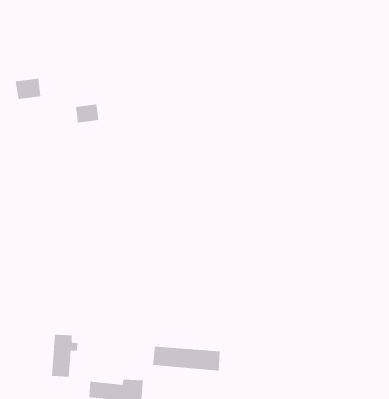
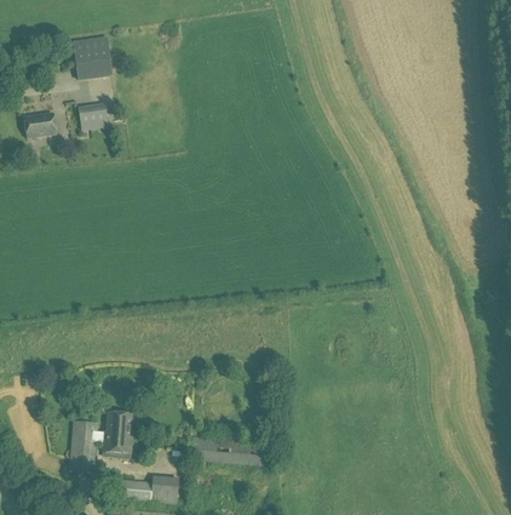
building: none -> [74,36,113,80]
building: [75,104,99,123] -> [80,105,109,128]
building: none -> [98,411,132,453]

